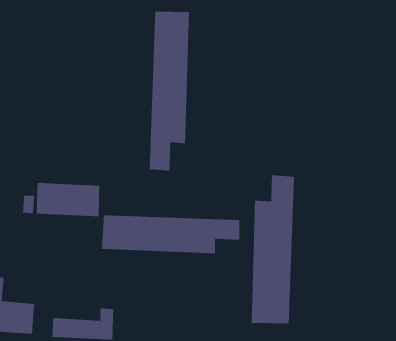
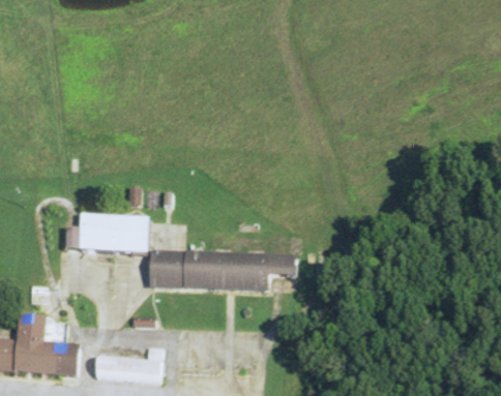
building: [149,11,190,171] -> none
building: [251,175,294,324] -> none

